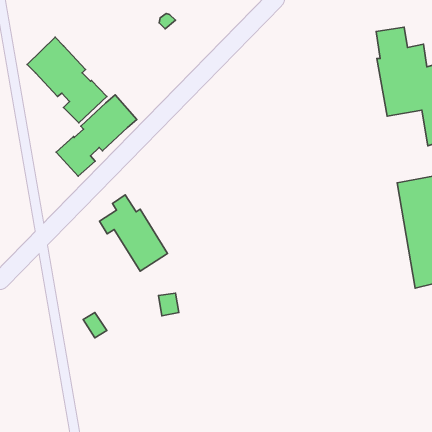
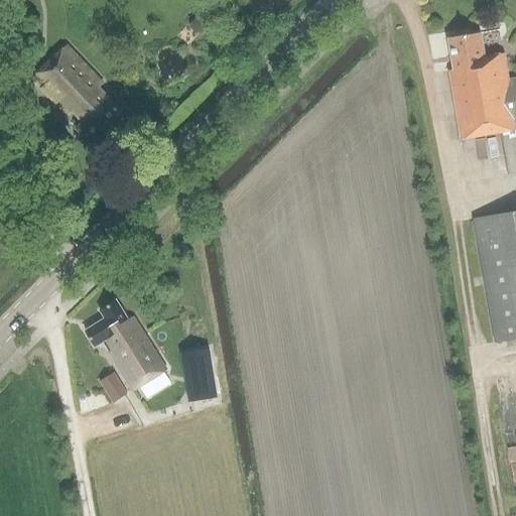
building: [56,95,137,176] -> none
building: [100,195,167,271] -> [86,299,166,390]

